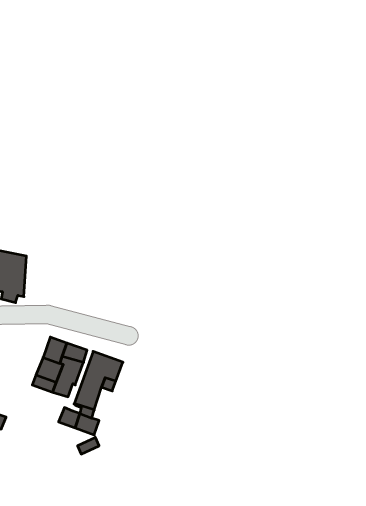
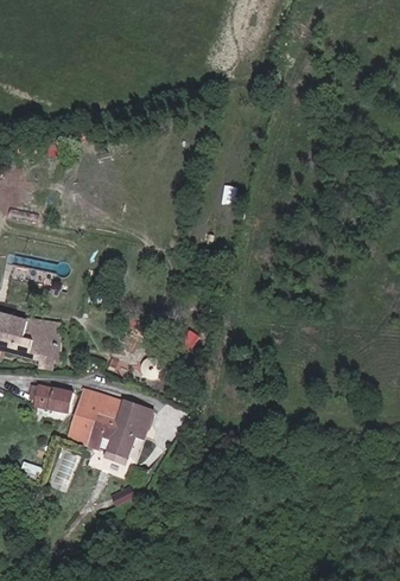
building: none -> [38,387,74,415]

